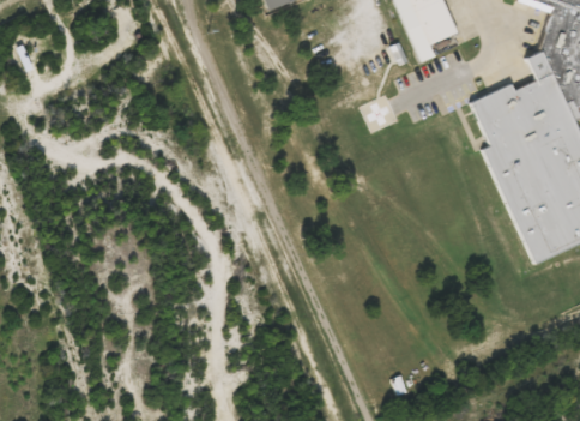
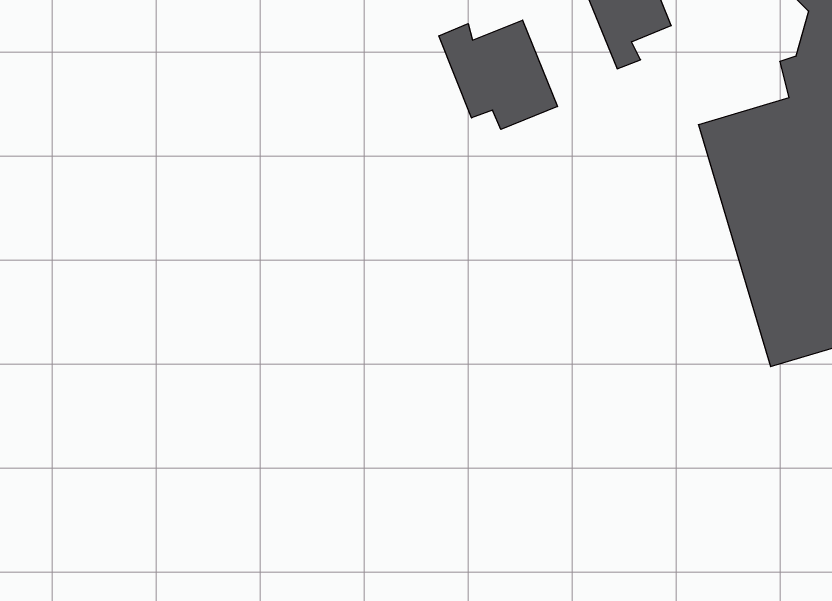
building: none -> [439,20,557,129]

